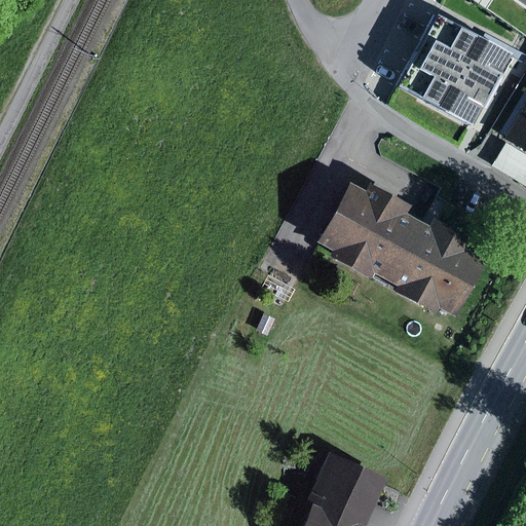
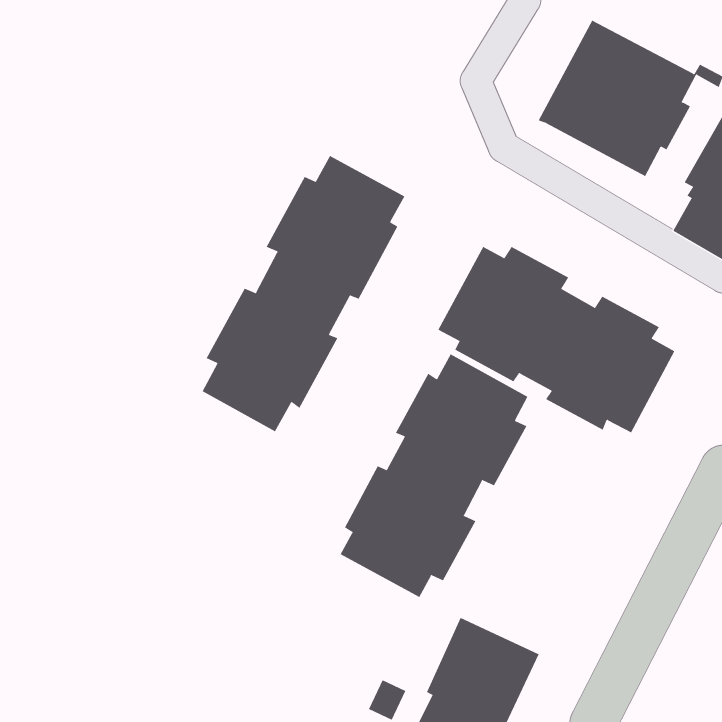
building: none -> [202,155,405,432]
building: none -> [340,354,528,598]

